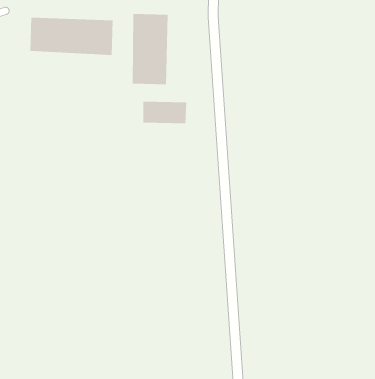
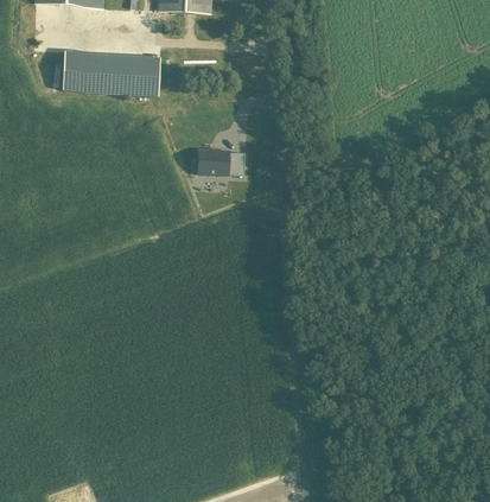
building: [132,13,168,85] -> none

